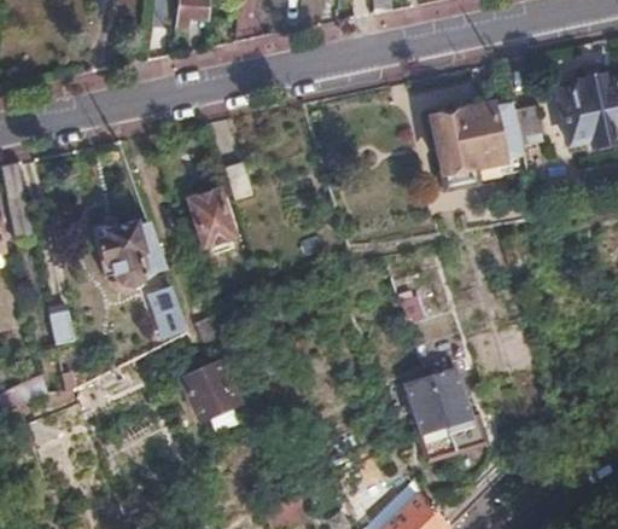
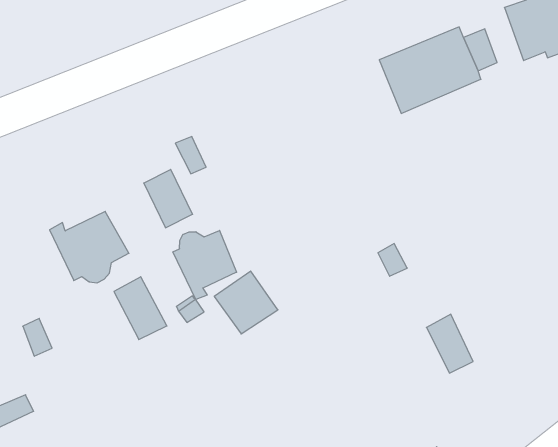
building: none -> [173,230,237,299]
building: [182,362,240,420] -> [214,271,278,334]
building: [408,380,447,436] -> none

